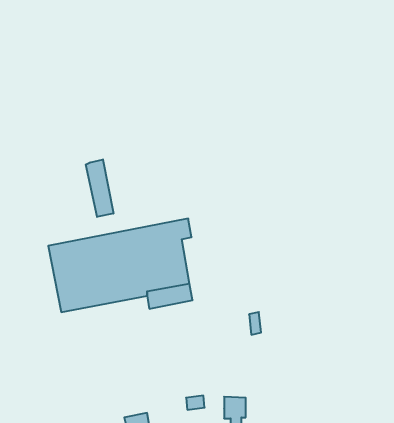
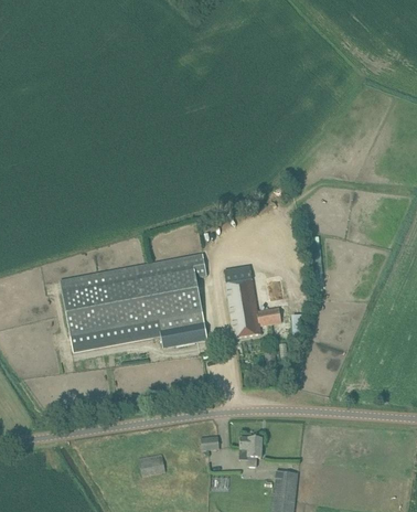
building: [86,159,113,217] -> none
building: none -> [223,264,280,337]

